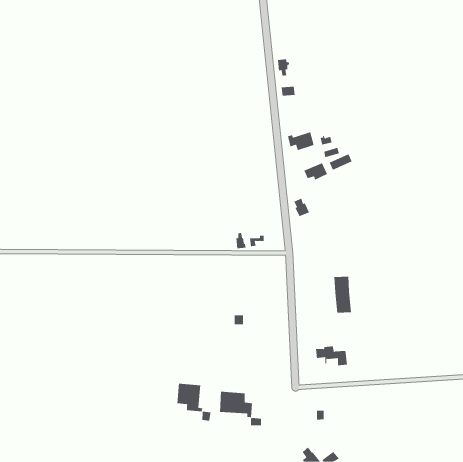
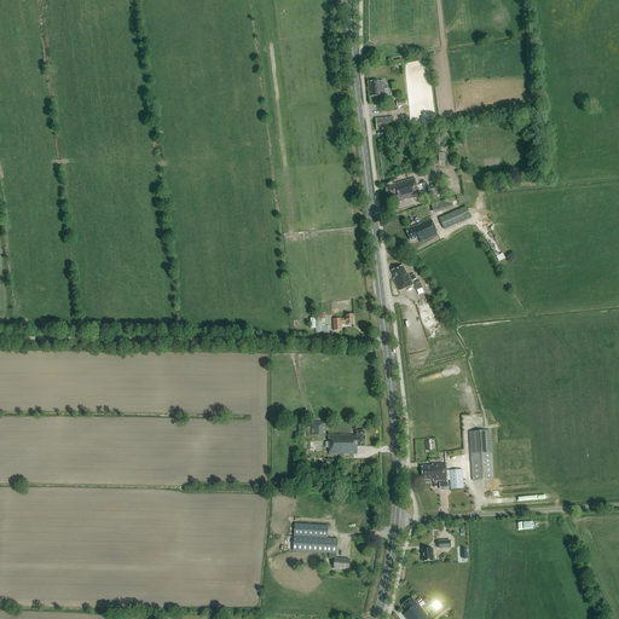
building: [334,276,352,313] -> [469,429,493,479]
building: none -> [329,429,365,452]
building: [177,383,211,421] -> none

